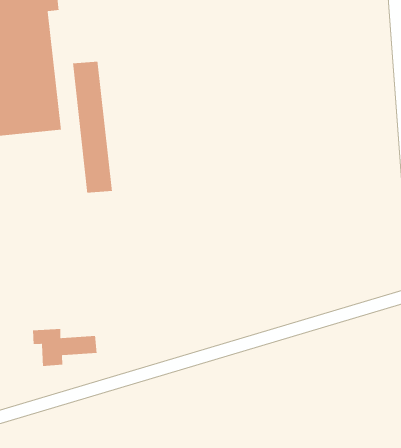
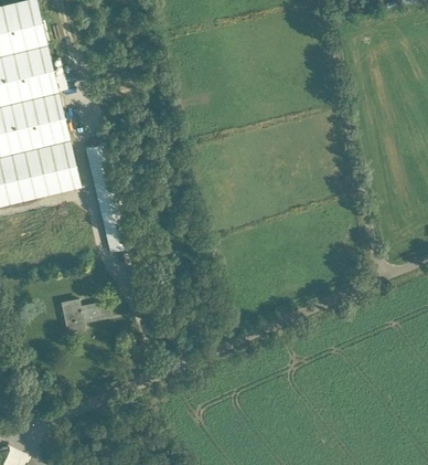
building: [32,328,98,367] -> [56,302,111,335]

